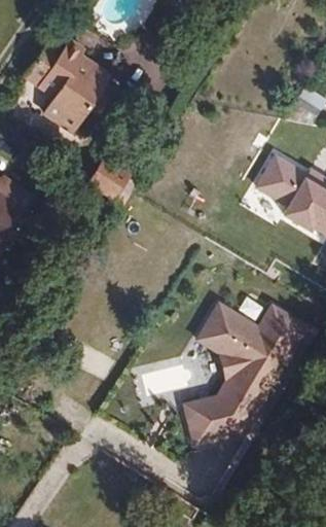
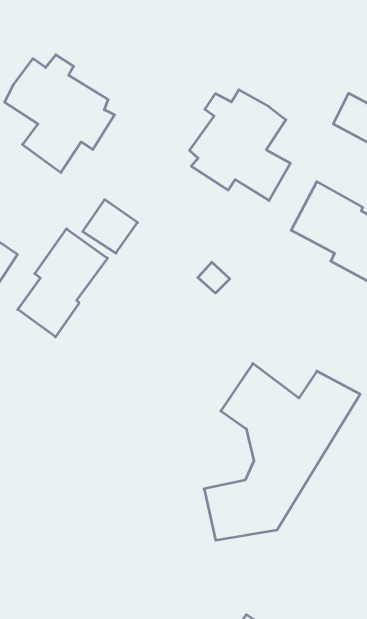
building: none -> [190,90,290,201]
building: none -> [18,229,108,337]

